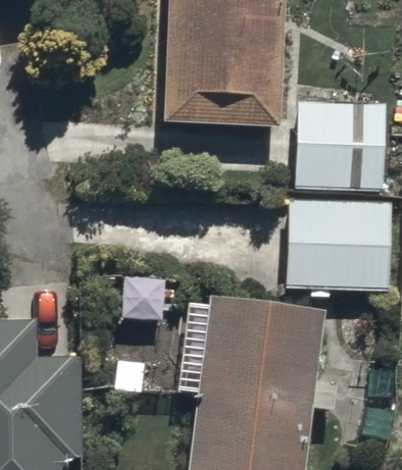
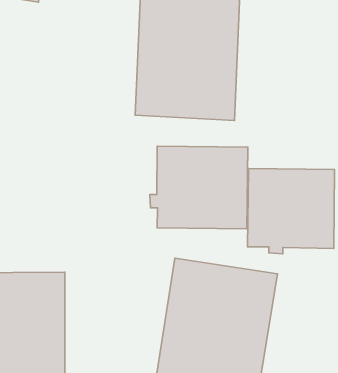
building: [297,100,387,190] -> none
building: none -> [150,146,248,229]

